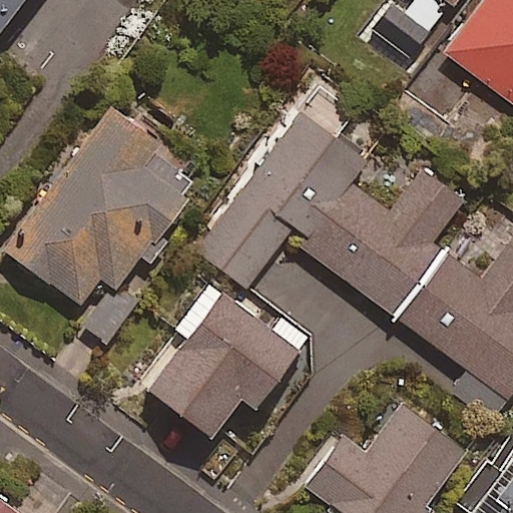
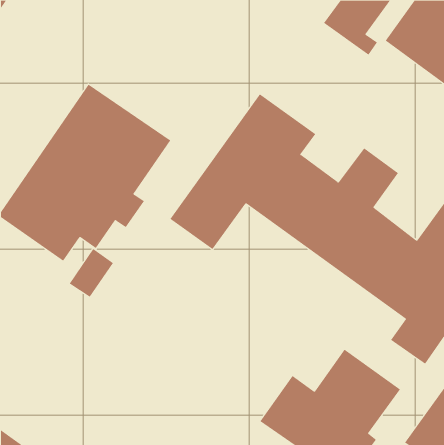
building: [146,281,304,435] -> none

